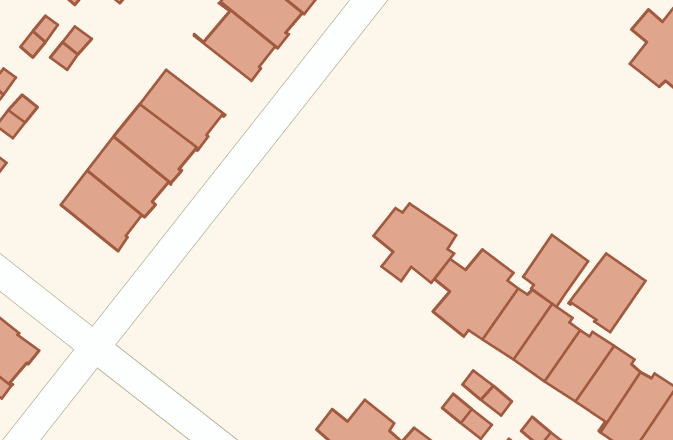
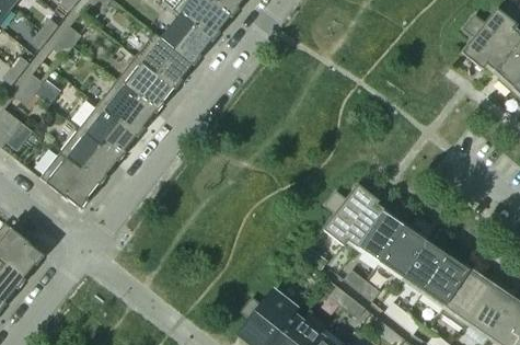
building: none -> [134,33,194,89]
building: [373,204,456,283] -> none
building: none -> [46,152,100,209]
building: [523,235,588,307] -> none
building: [568,253,646,332] -> none

